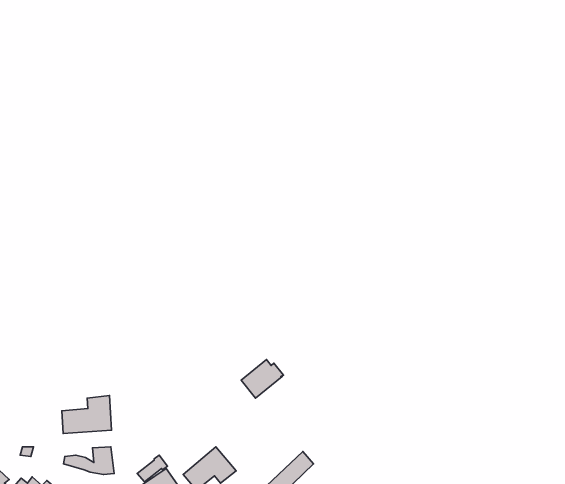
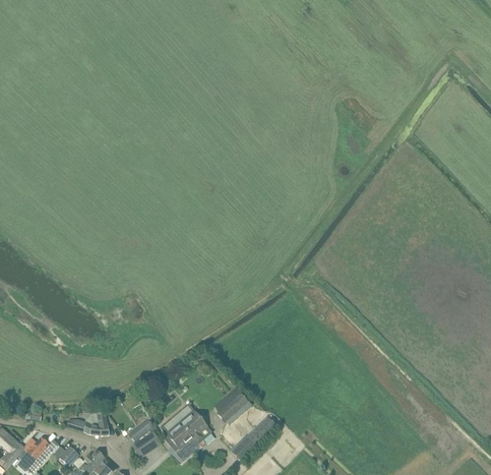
building: [241,359,283,398] -> [213,388,249,420]
building: [62,396,112,433] -> none

